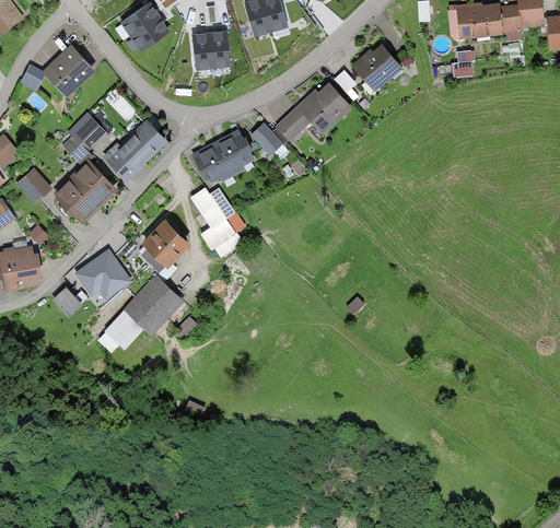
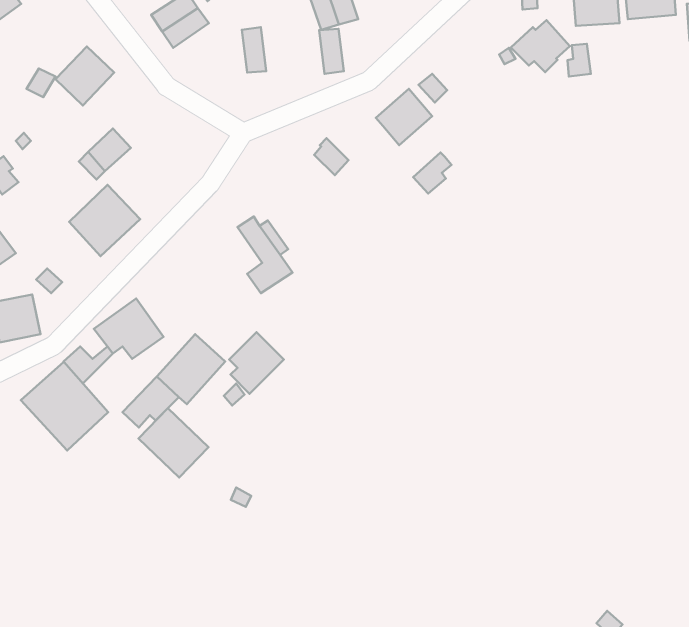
building: [210,33,230,69] -> [319,29,344,74]
building: [352,43,399,84] -> [511,20,570,72]
building: [277,103,307,136] -> [413,152,451,193]
building: [106,118,164,173] -> none
building: [195,131,250,177] -> none
building: [20,172,50,203] -> none
building: [142,218,186,267] -> [229,332,284,394]
building: none -> [21,362,108,451]
building: none -> [138,408,209,478]

